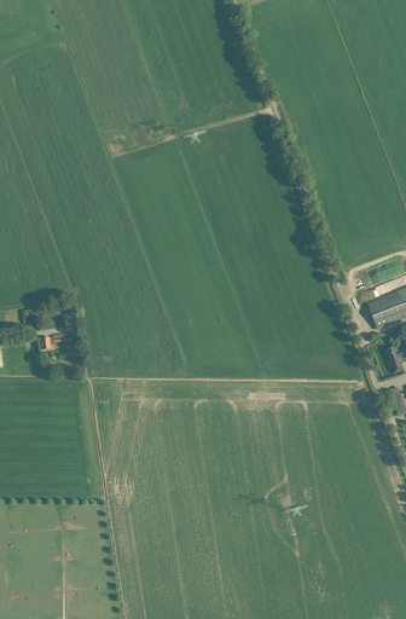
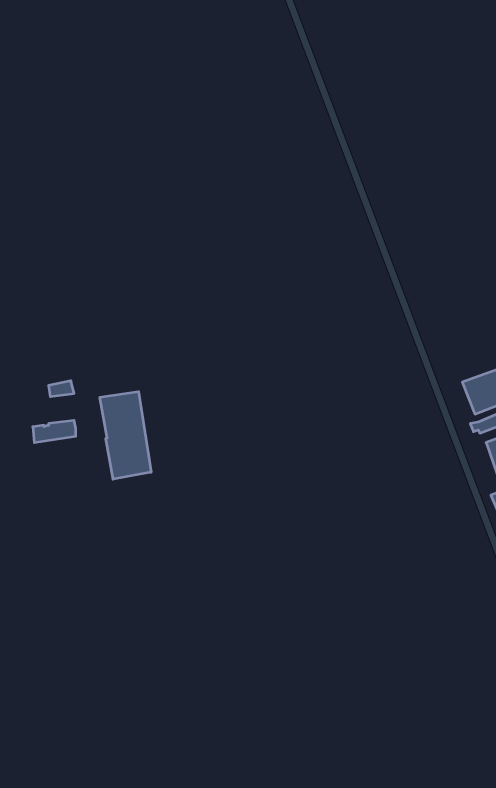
building: none -> [100,392,151,479]

